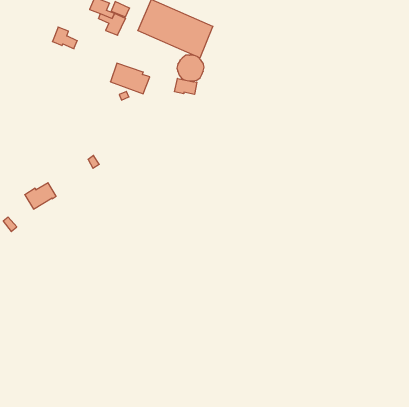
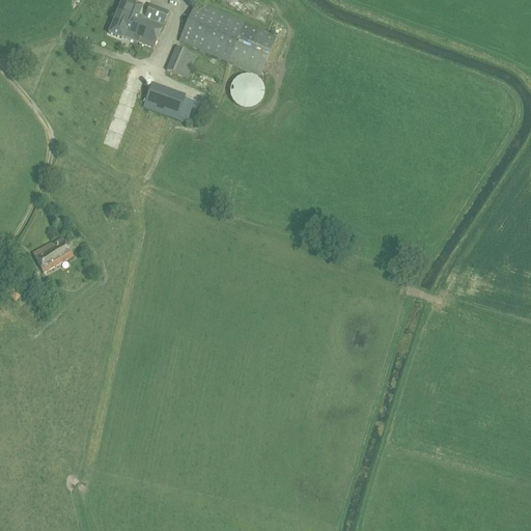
building: [52,27,77,49] -> [109,12,141,40]
building: none -> [166,46,197,77]
building: [175,78,197,94] -> none

